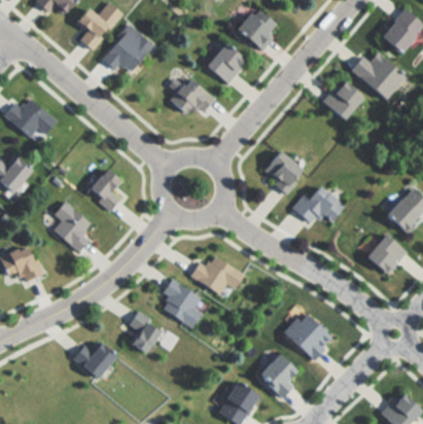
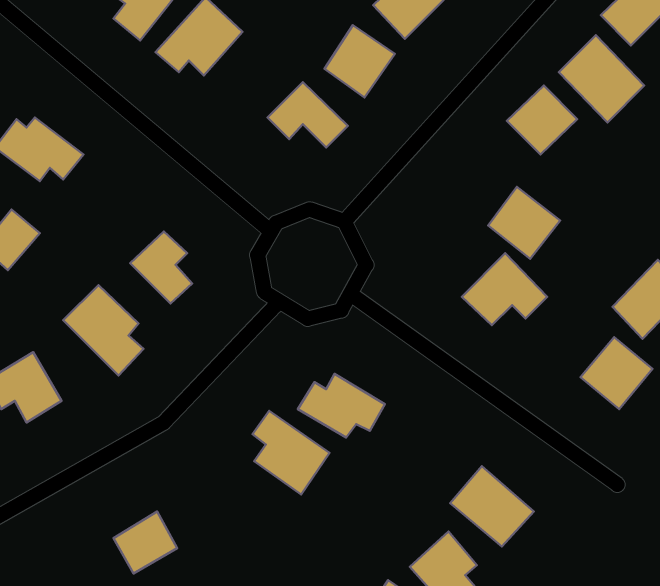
building: [259,150,304,195] -> [488,187,560,259]
building: [126,312,181,355] -> none

